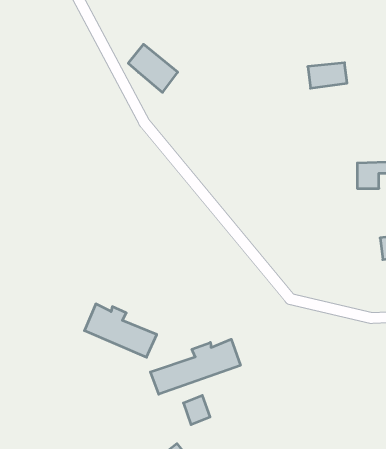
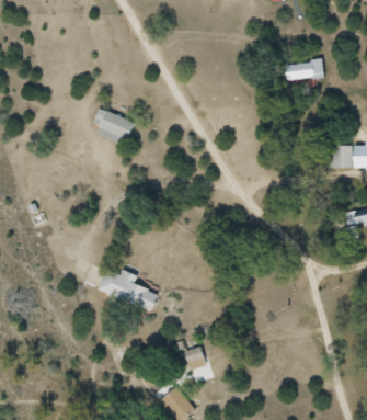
building: [128,44,178,92] -> [90,104,133,146]
building: [150,339,240,394] -> none

